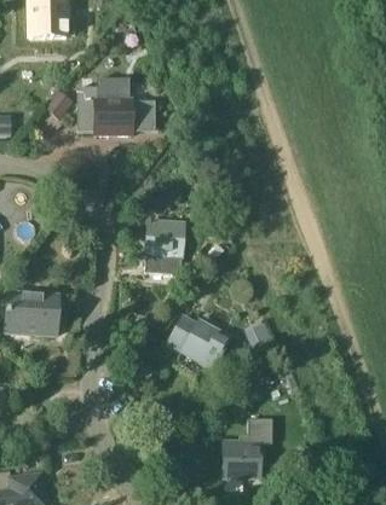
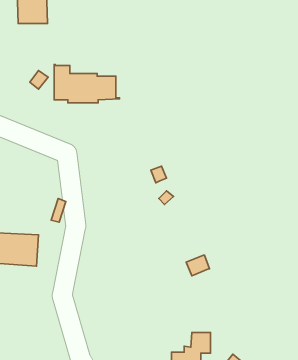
building: [144,221,184,273] -> none
building: [167,312,230,368] -> none

